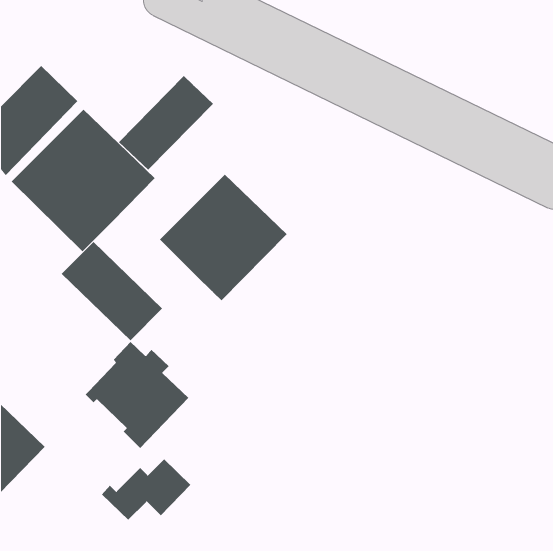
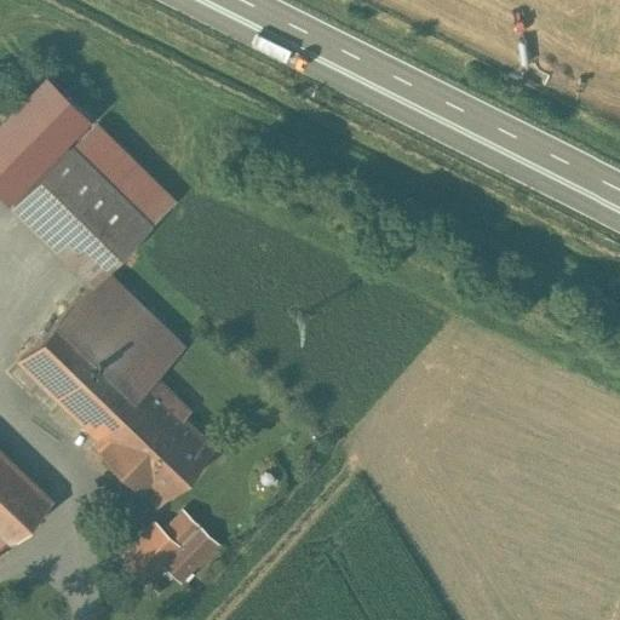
building: [118,75,214,171] -> none
building: [159,174,287,301] -> none
building: none -> [19,310,148,441]

